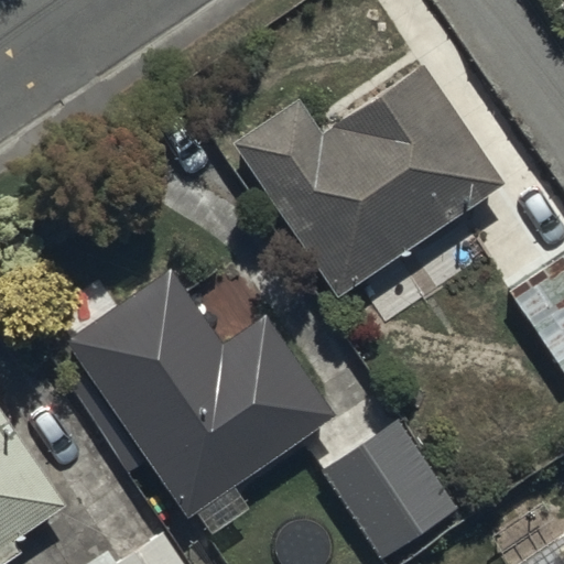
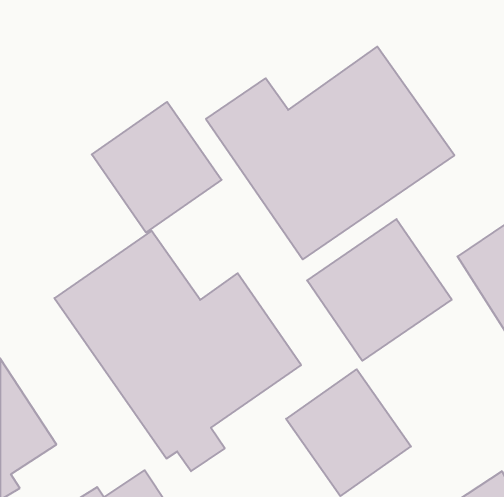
building: none -> [92,102,222,232]
building: none -> [307,219,452,361]

